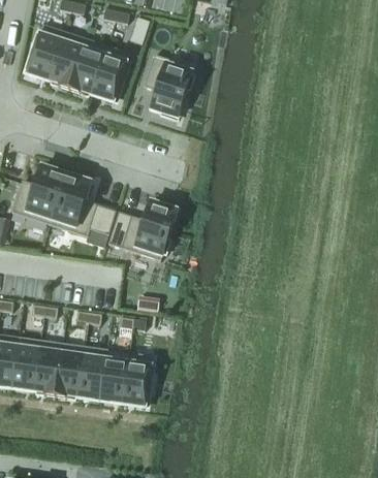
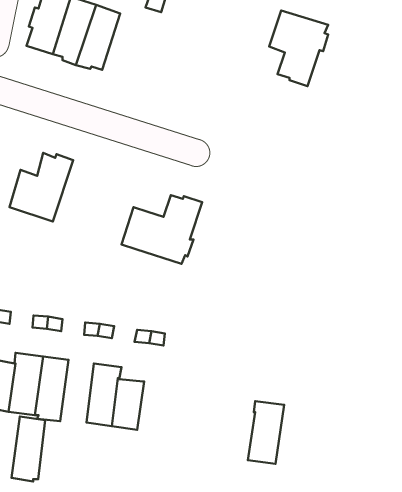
building: [92,45,130,101] -> none
building: [144,55,194,120] -> [269,10,328,86]
building: [50,171,117,236] -> none
building: [56,343,85,399] -> [12,416,45,481]
building: [122,352,153,406] -> [248,401,284,464]

